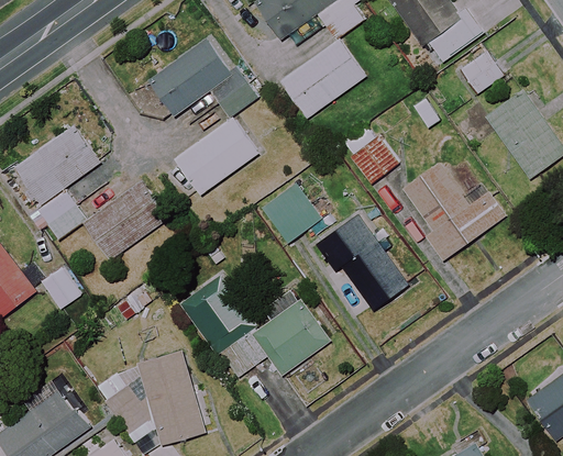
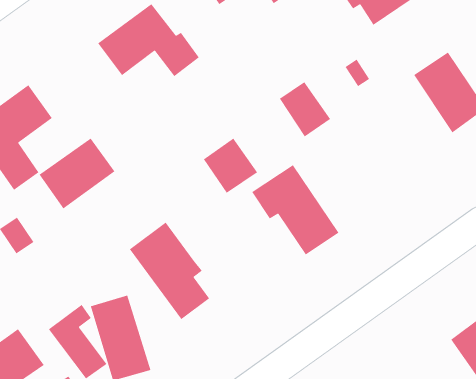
building: [280,40,365,119] -> none
building: [460,52,503,93] -> none
building: [175,118,258,194] -> none
building: [402,163,506,262] -> none
building: [252,287,330,375] -> none

